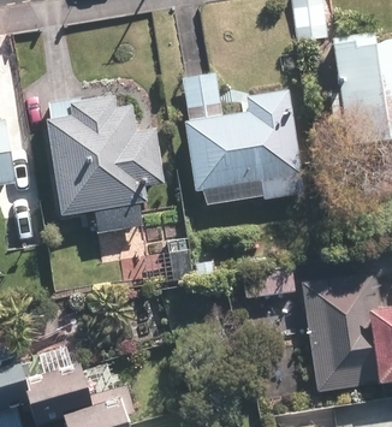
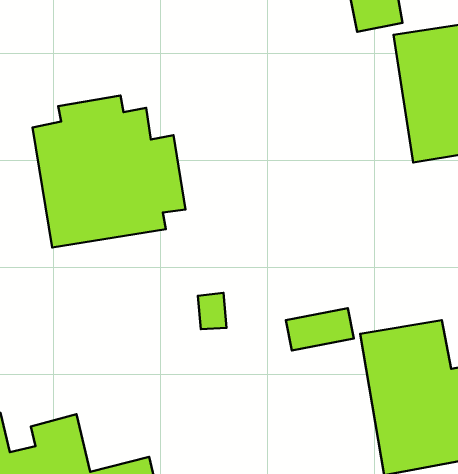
building: [186,90,303,206] -> none

